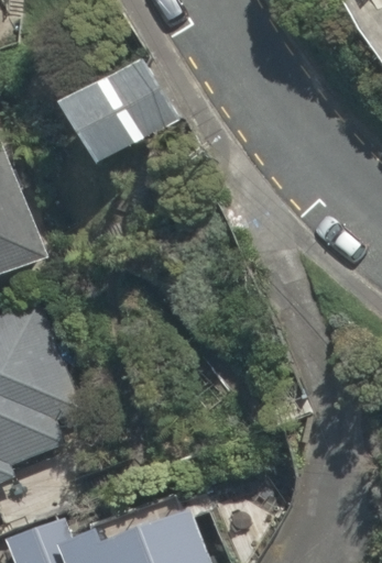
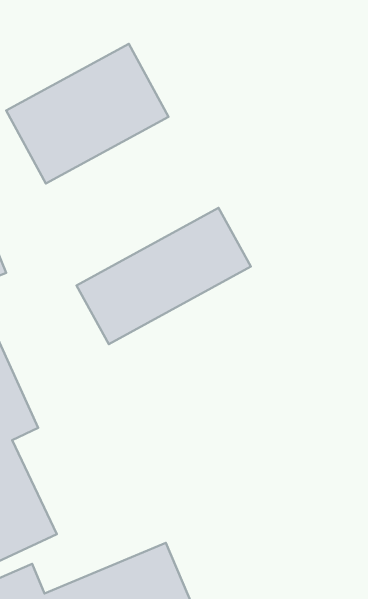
building: none -> [76,208,251,344]

